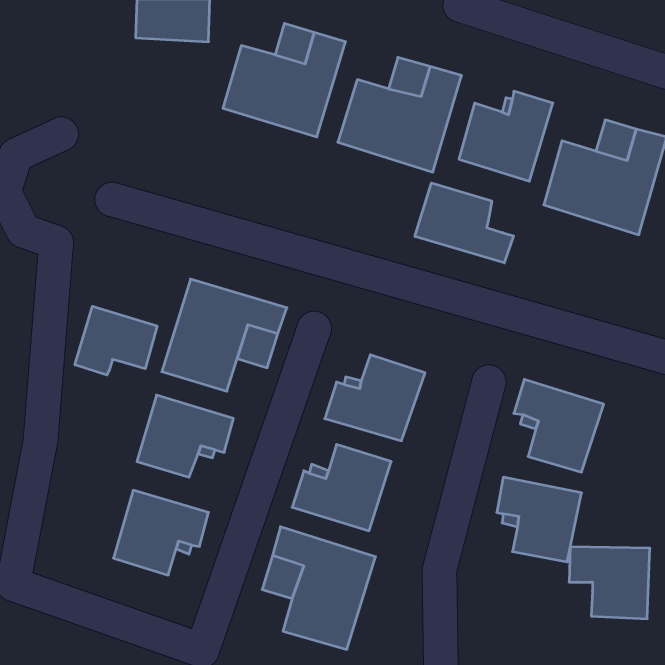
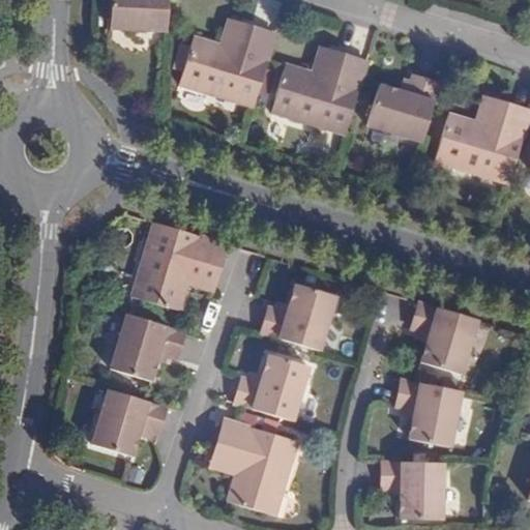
building: [415,183,514,263] -> none
building: [75,306,157,375] -> none
building: [569,547,650,619] -> [381,462,445,519]

